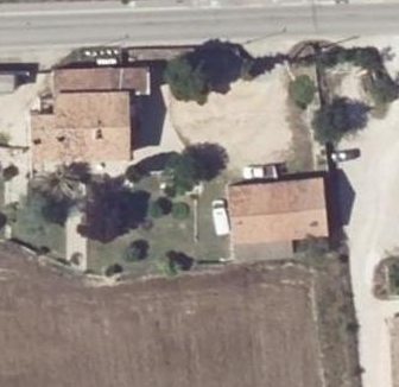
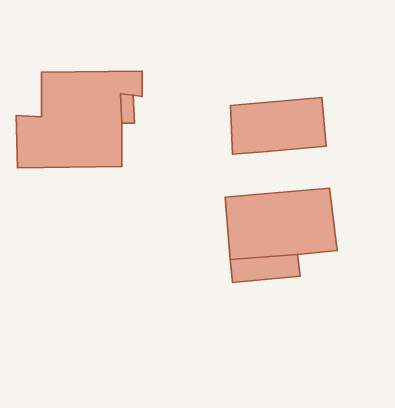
building: none -> [230,98,326,154]

